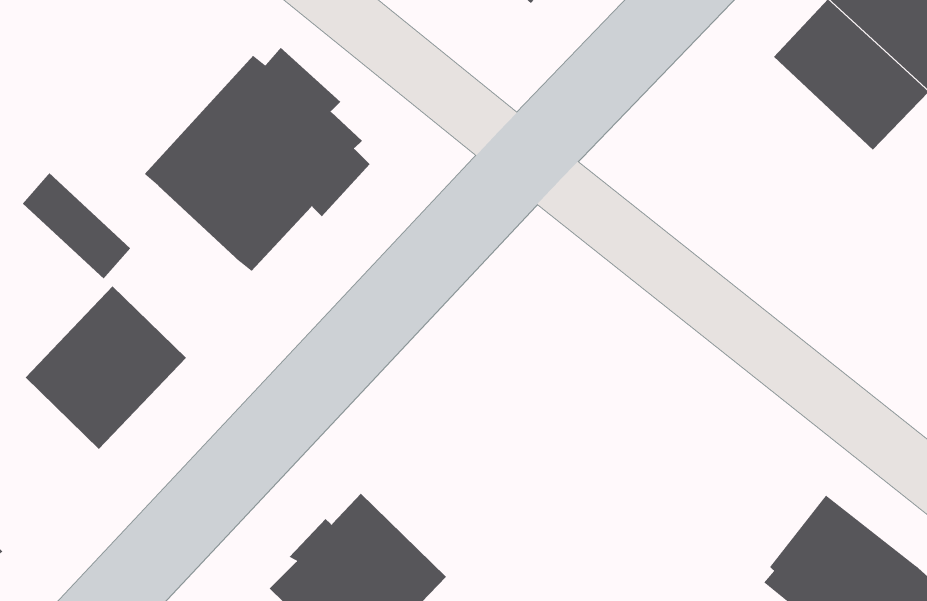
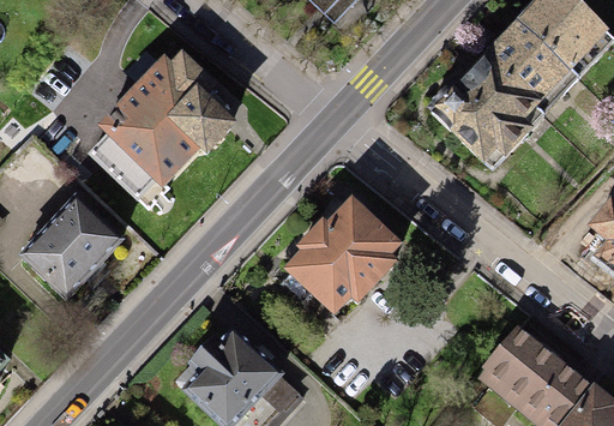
building: none -> [435,55,544,161]
building: [22,172,131,280] -> [89,134,156,200]
building: none -> [282,197,403,316]

